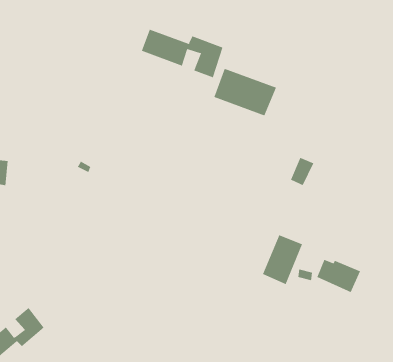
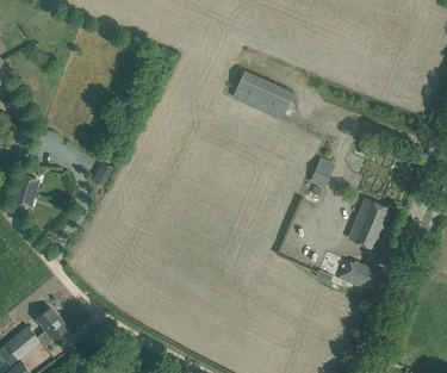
building: [141,29,223,78] -> none
building: [262,234,303,285] -> [348,199,389,249]

